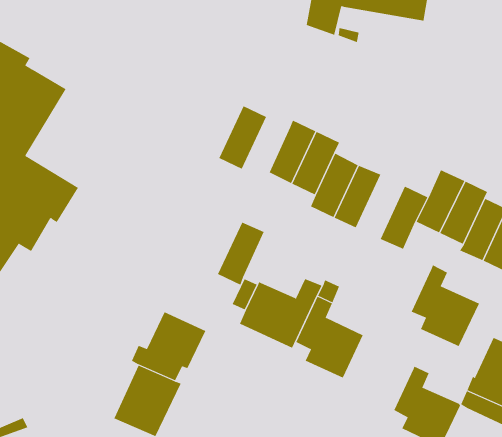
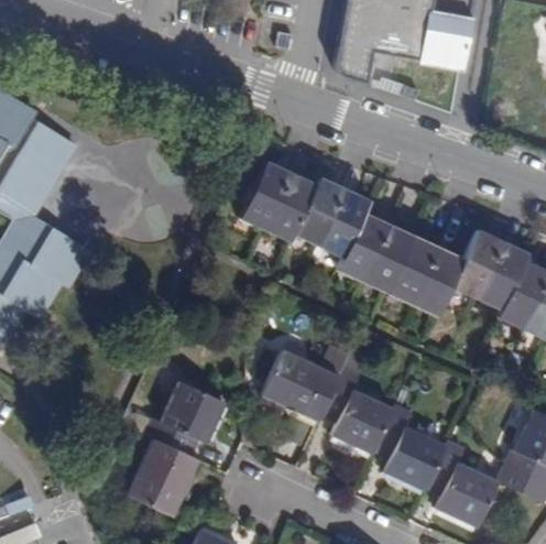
building: none -> [387,236,439,305]
building: [217,222,265,285] -> [265,174,316,242]
building: [411,264,480,347] -> [374,402,448,490]

